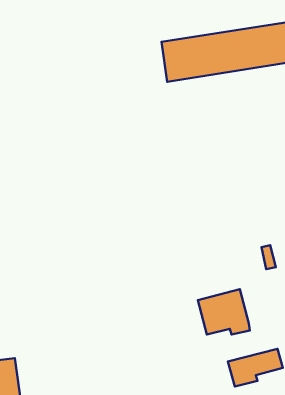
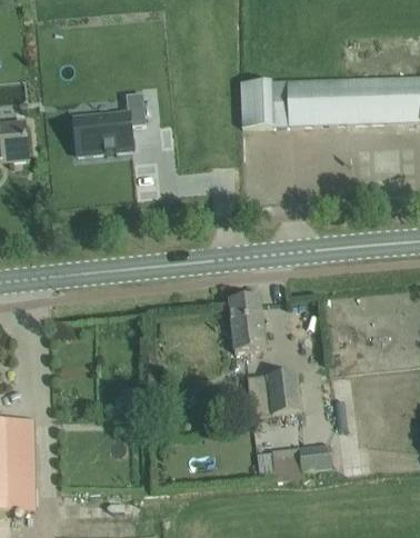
building: none -> [73,92,146,153]
building: none -> [228,295,266,351]

